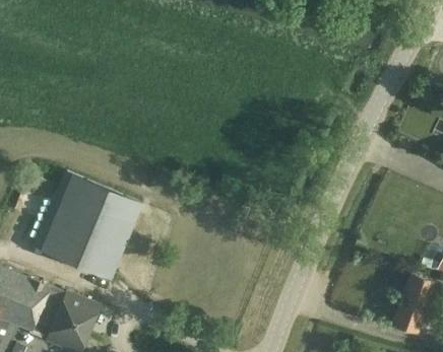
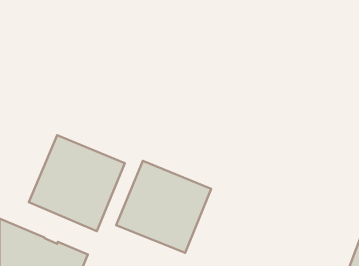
building: none -> [116,161,211,253]

